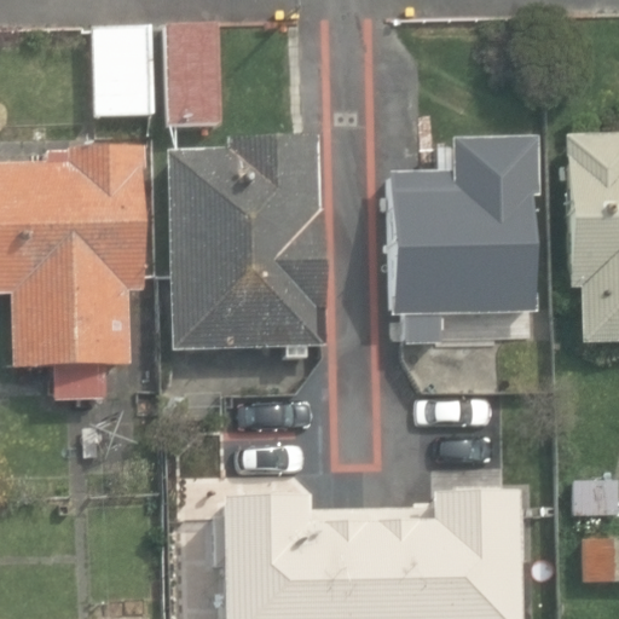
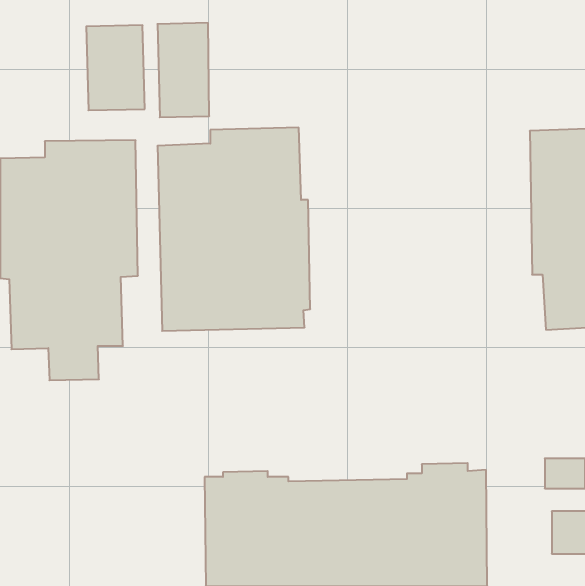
building: [387,139,538,345] -> none

